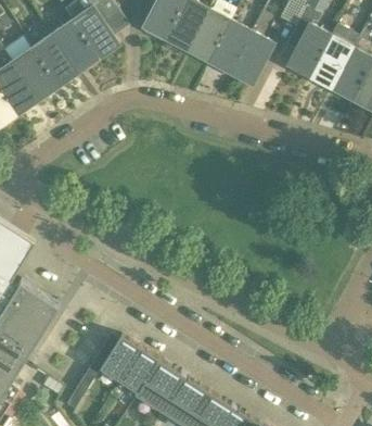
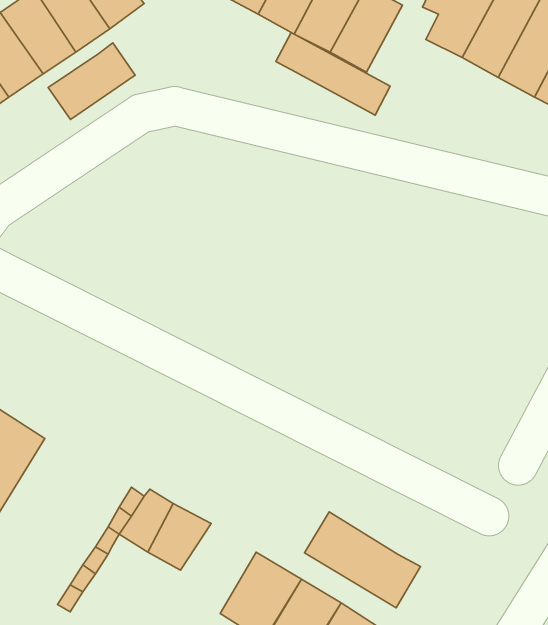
building: none -> [276,32,390,115]
building: none -> [48,43,135,120]
building: none -> [305,512,421,608]
building: [136,358,184,412] -> none

